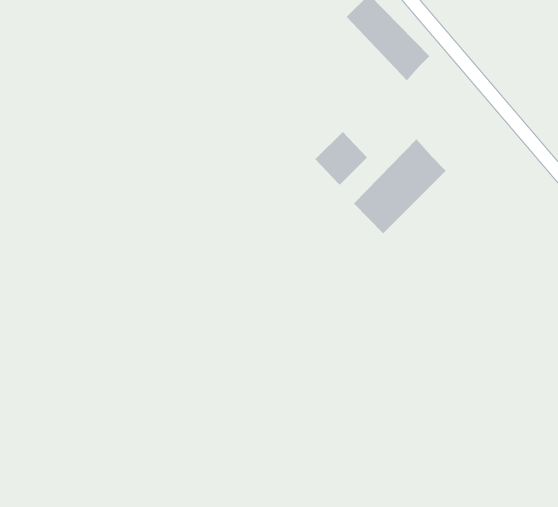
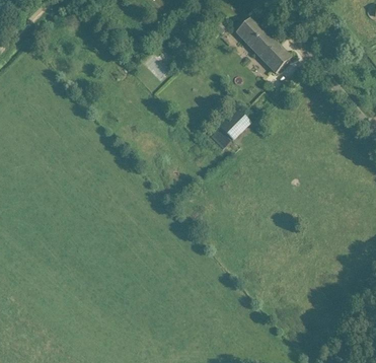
building: [353,138,447,234] -> none

